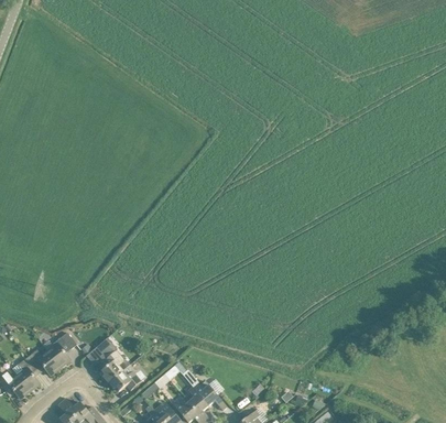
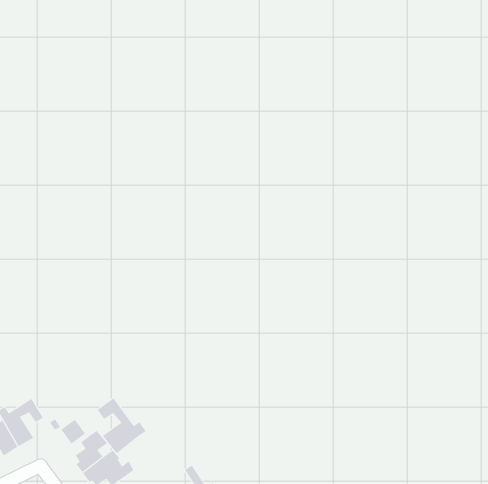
building: none -> [97,397,146,454]

